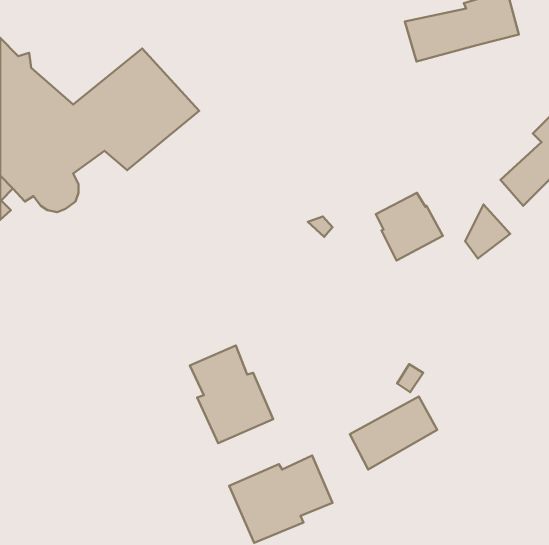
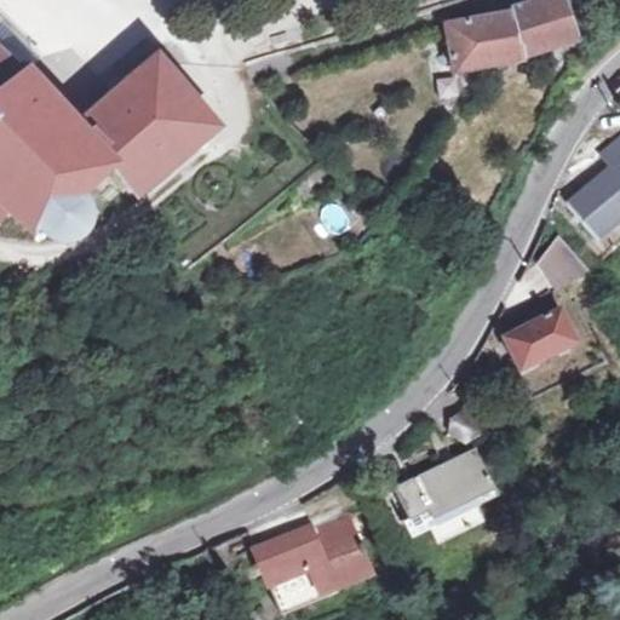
building: [376,193,443,261] -> [495,295,570,372]
building: [190,346,273,443] -> none

